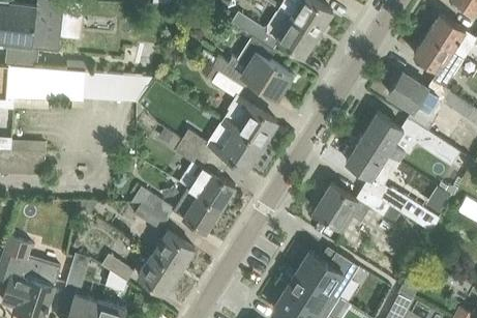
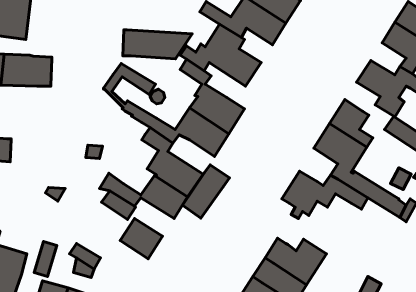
building: [83,73,152,102] -> [123,30,192,59]
building: none -> [182,165,229,218]
building: [138,254,180,295] -> none

